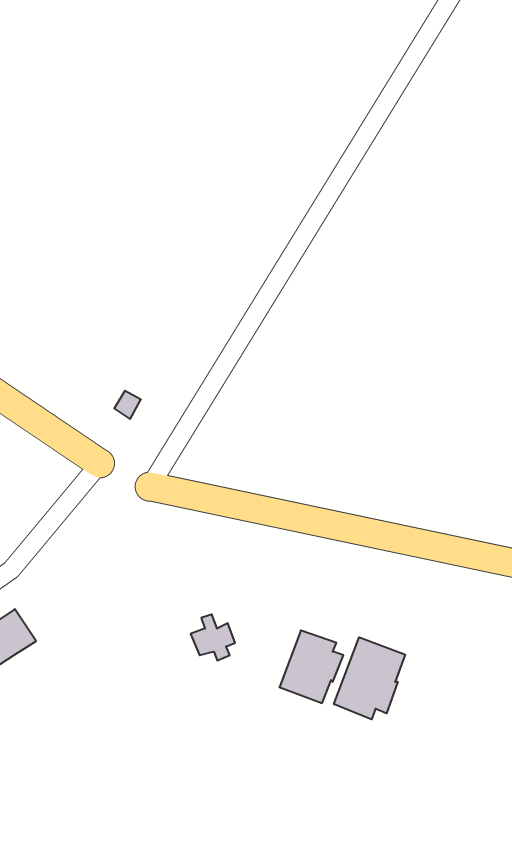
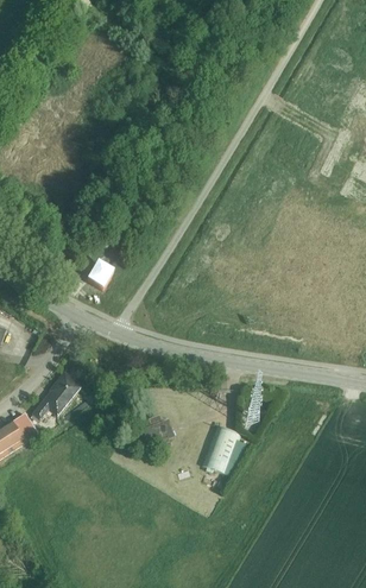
building: none -> [33,372,81,418]
building: [334,637,405,719] -> none

